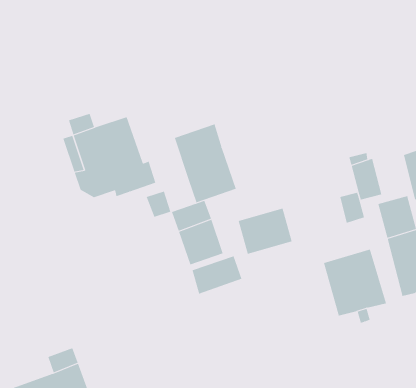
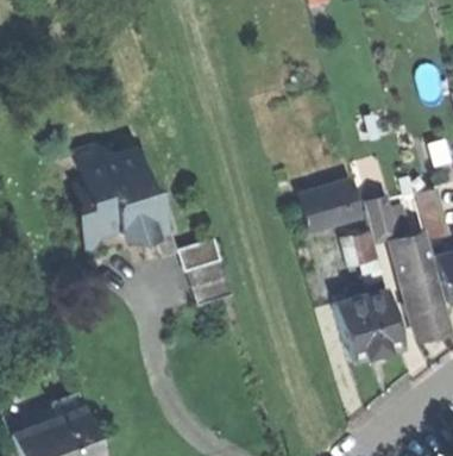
building: [174,123,237,203] -> none
building: [238,208,292,254] -> [301,180,357,227]
building: [192,256,242,294] -> none

